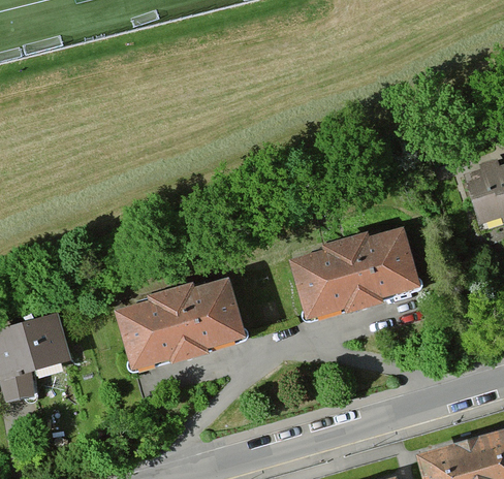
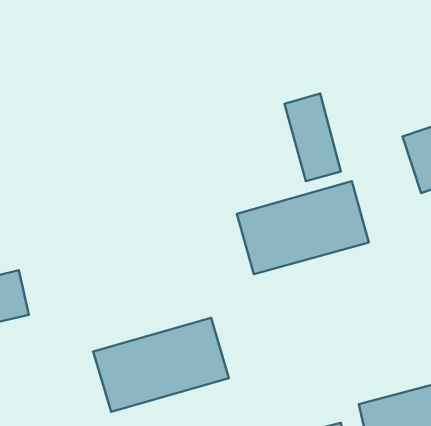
building: none -> [284,94,341,181]
building: [108,277,250,375] -> [93,318,229,412]

